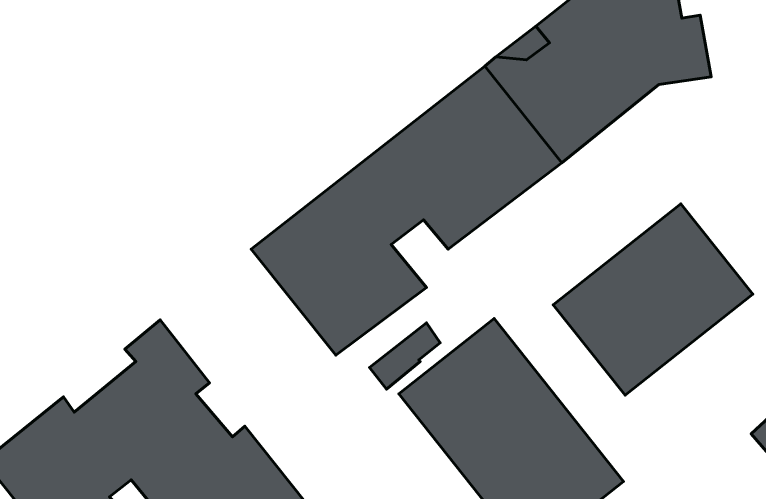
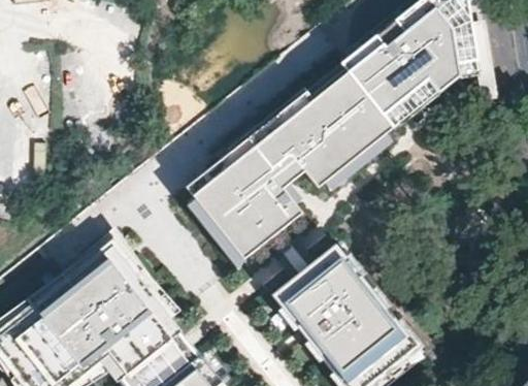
building: [553,204,753,395] -> none

